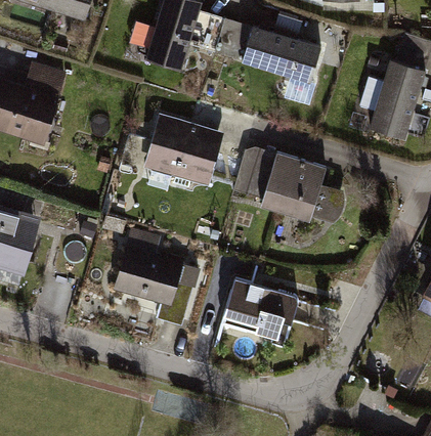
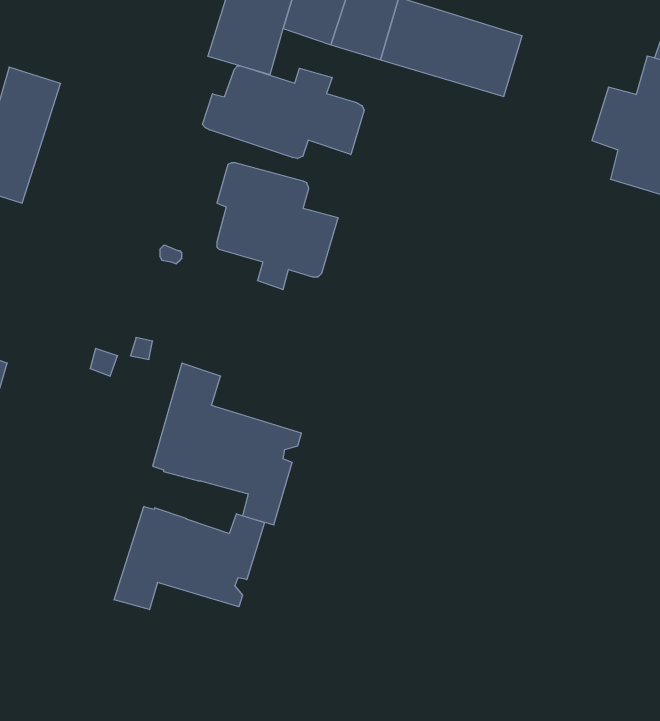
building: none -> [203,66,364,159]
building: [233,151,341,220] -> none
building: [223,278,299,340] -> none
building: none -> [114,506,264,610]

